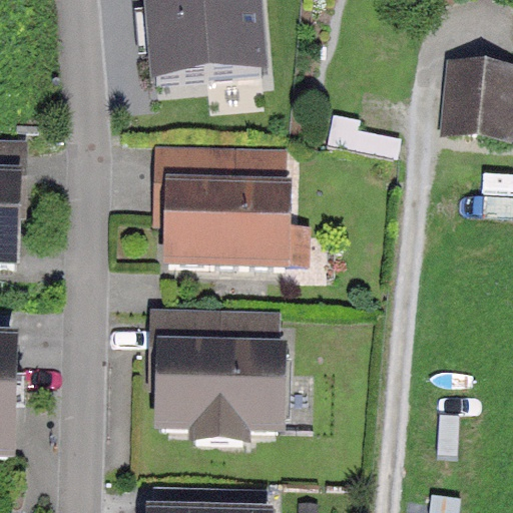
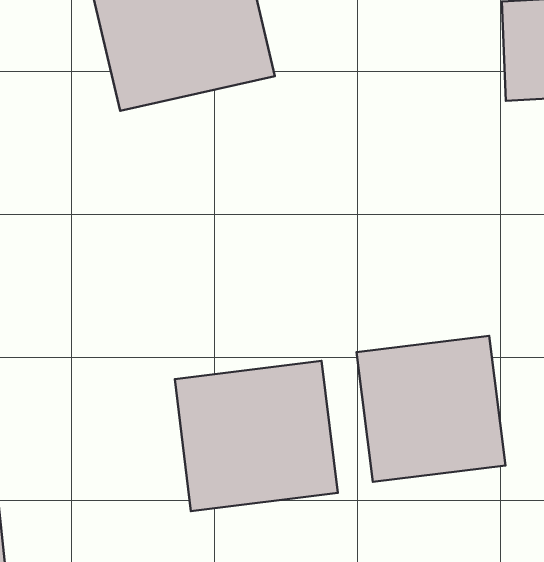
building: [167,151,287,260] -> none
building: none -> [357,336,506,482]

